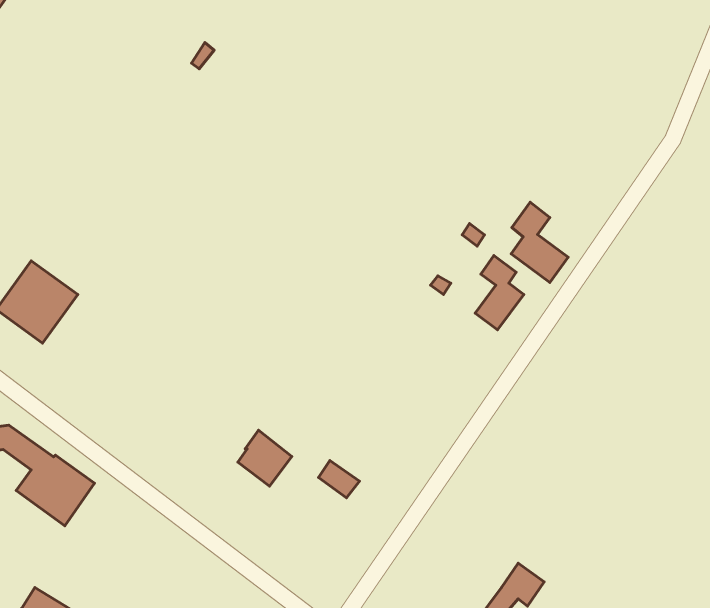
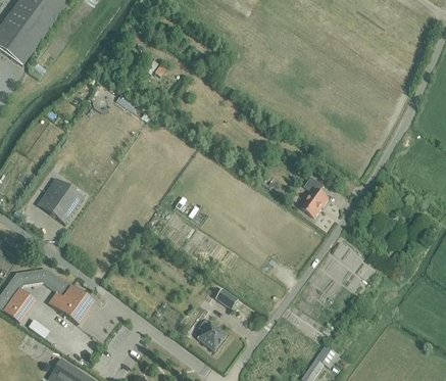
building: [511,202,568,282] -> none
building: [238,430,292,486] -> [196,320,226,350]

